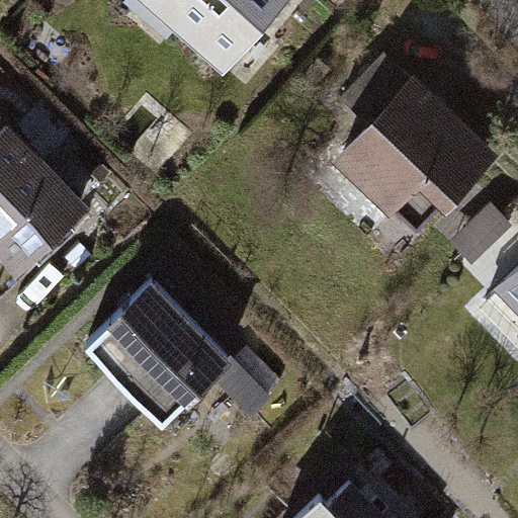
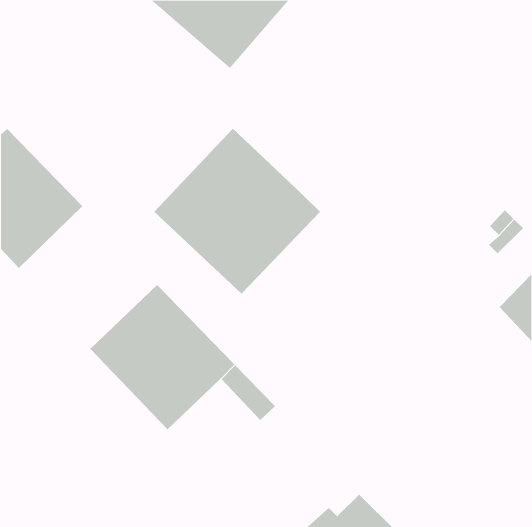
building: [342,56,488,228] -> none
building: none -> [154,128,321,294]

